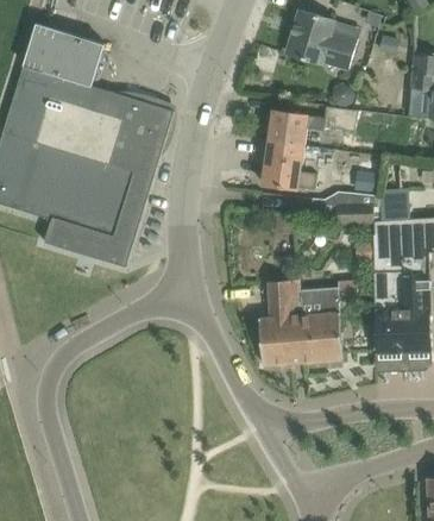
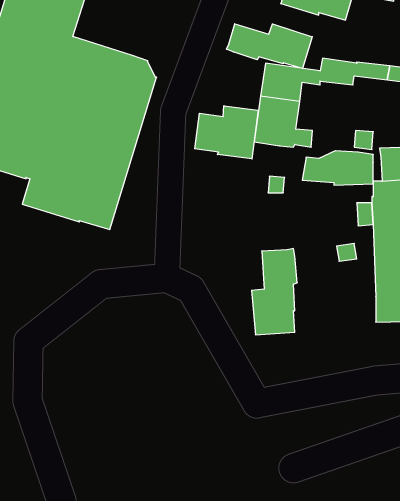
building: none -> [227,24,312,68]
building: none -> [195,106,258,159]
building: [298,288,342,362] -> none

